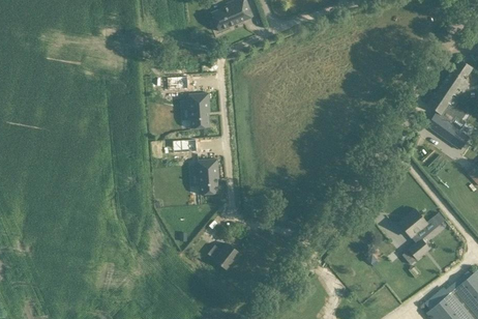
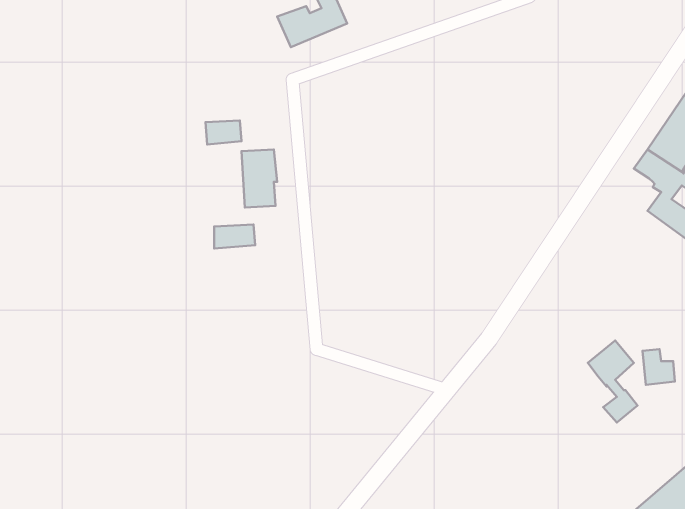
building: [199,158,219,194] -> none
building: [209,243,240,269] -> none

